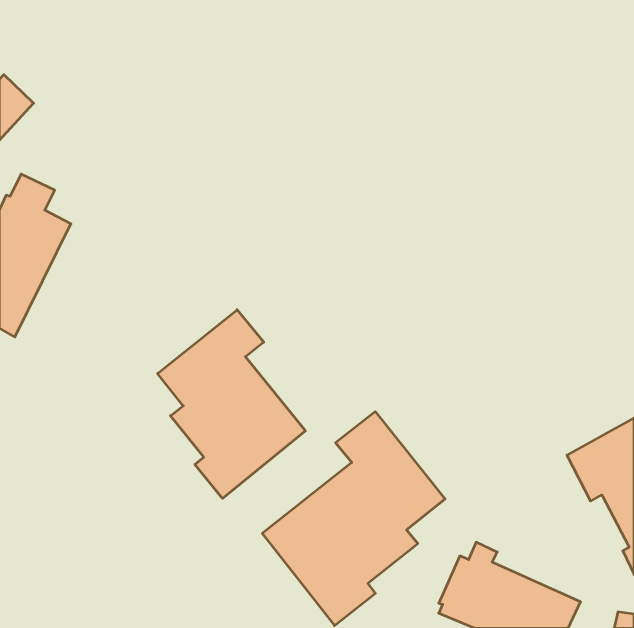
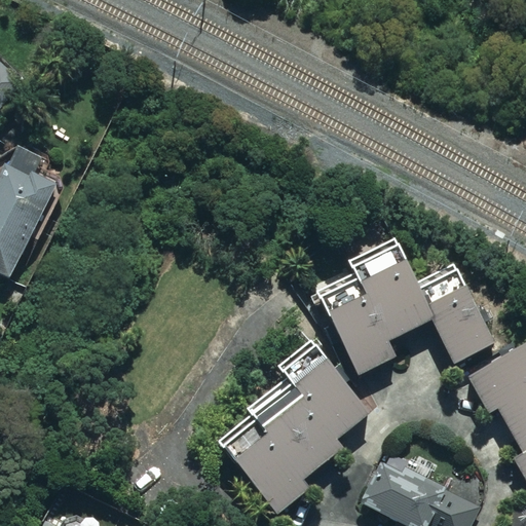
building: none -> [315,234,497,376]
building: [158,310,305,498] -> none

